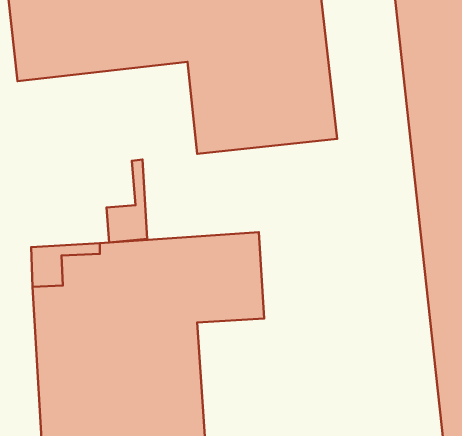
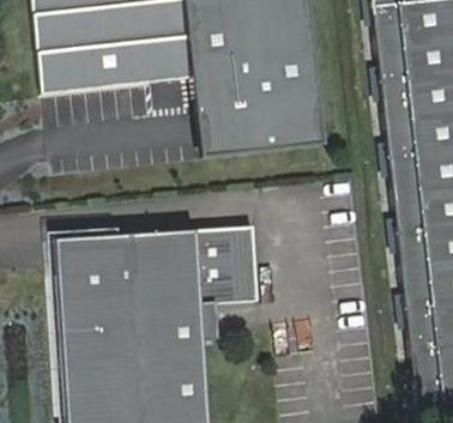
building: [107,160,147,242] -> none

